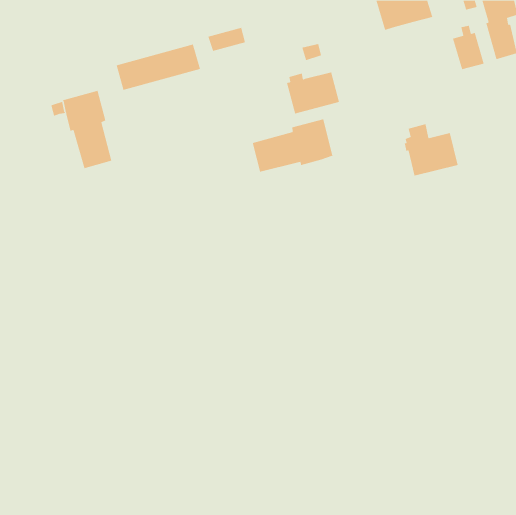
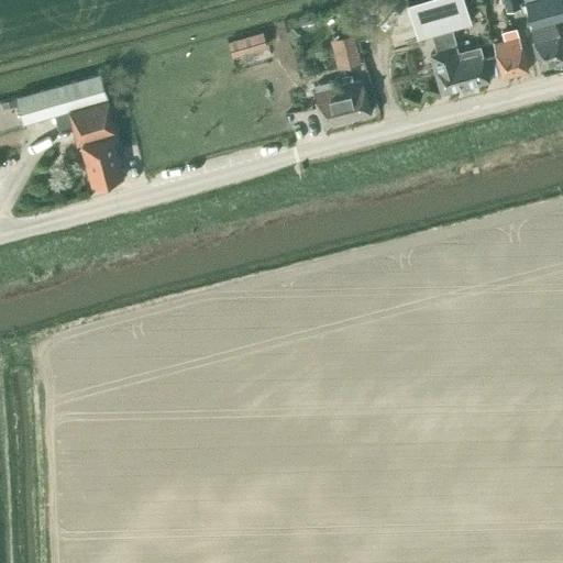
building: [116,44,201,90] -> [15,71,108,122]
building: [252,118,333,172] -> none
building: [404,124,458,176] -> [430,36,489,93]

